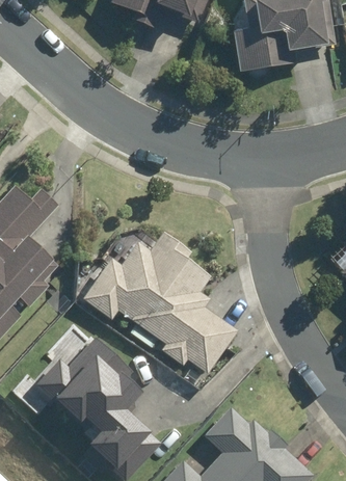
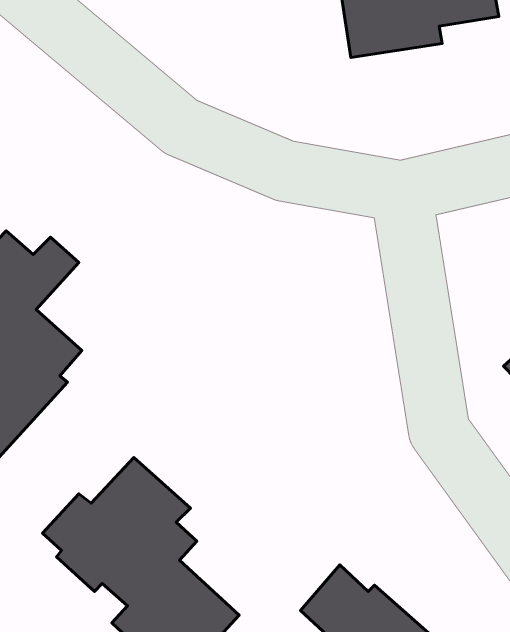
building: [80,233,237,372] -> none

